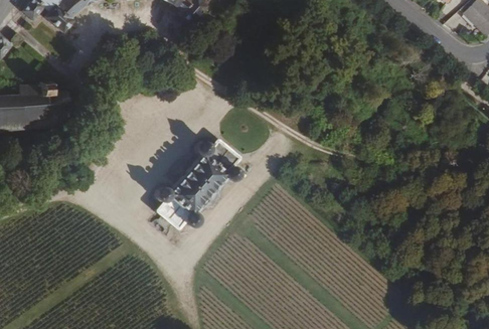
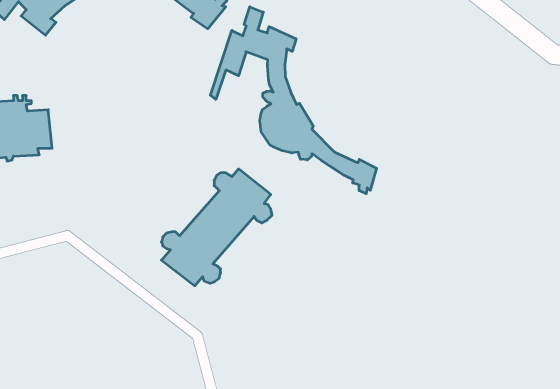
building: none -> [210,7,377,194]

